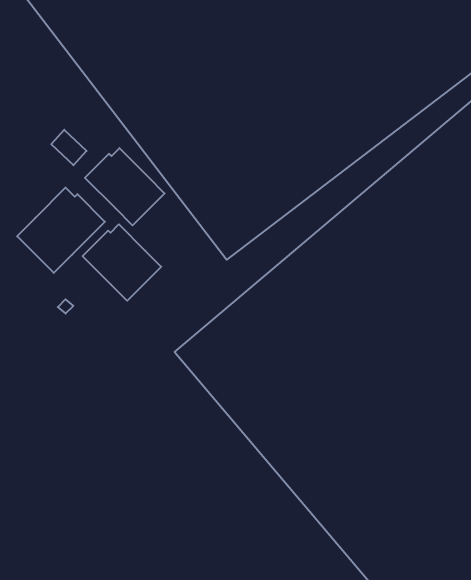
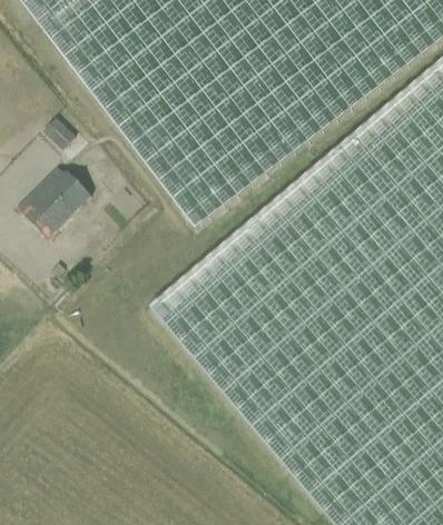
building: [85,148,165,225] -> none
building: [83,224,161,301] -> none

